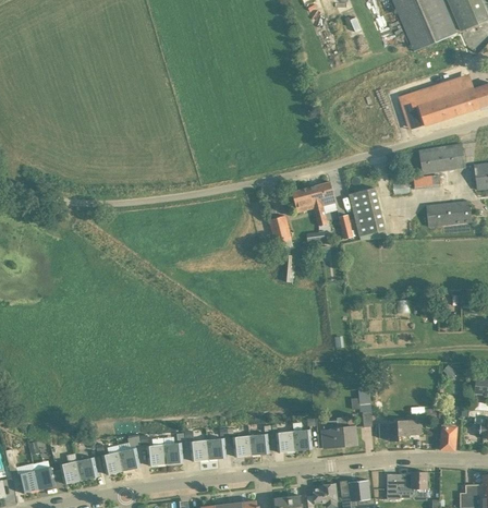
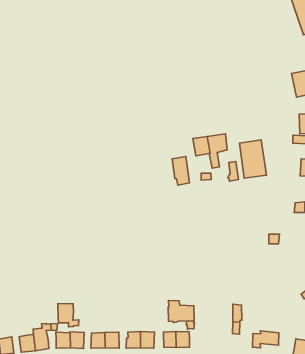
building: none -> [58,303,79,327]
building: [322,421,356,448] -> [168,301,194,322]

